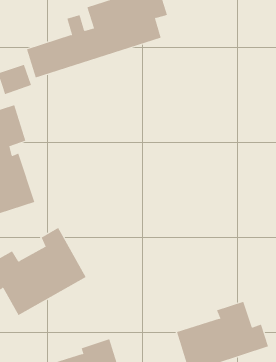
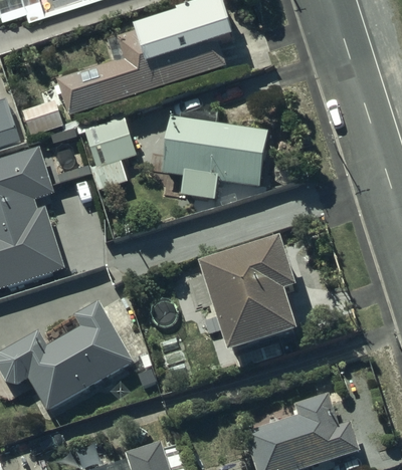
building: none -> [81,112,137,189]
building: none -> [161,115,266,198]
building: none -> [197,238,294,354]

